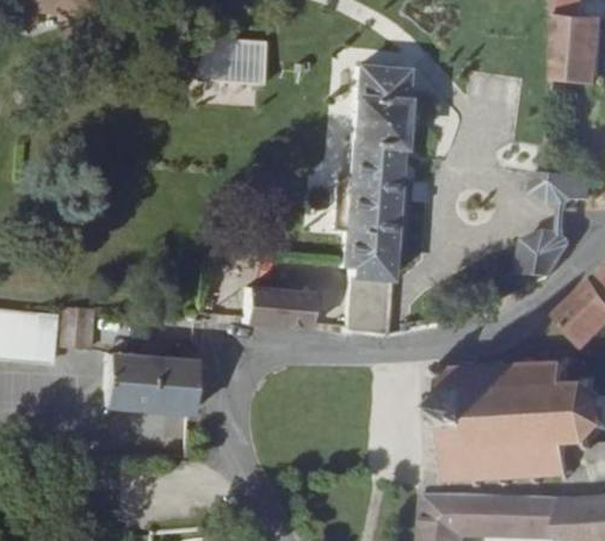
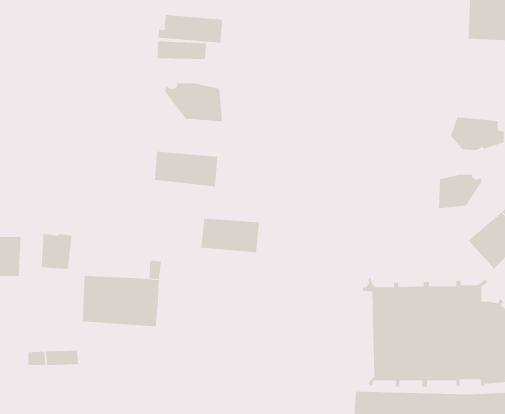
building: [337,64,414,336] -> none
building: none -> [165,82,222,122]
building: none -> [154,151,218,187]

